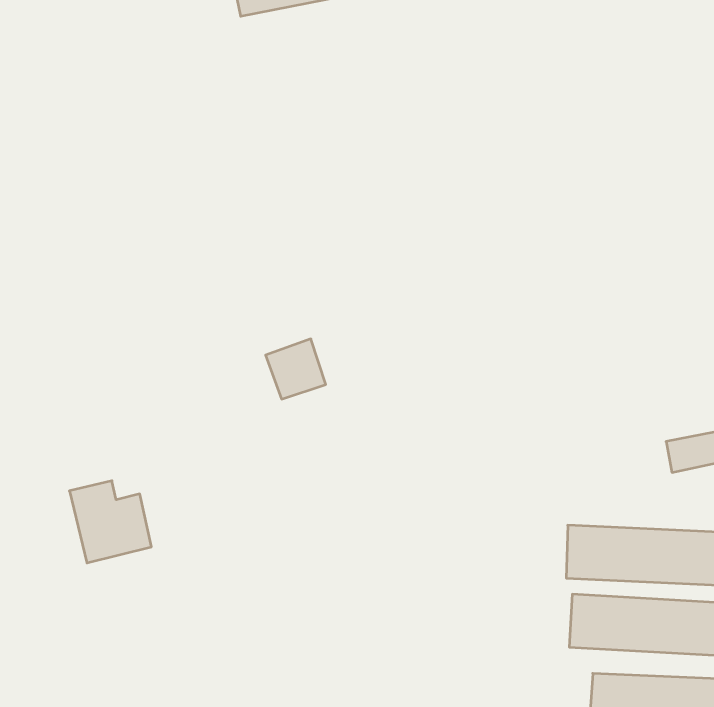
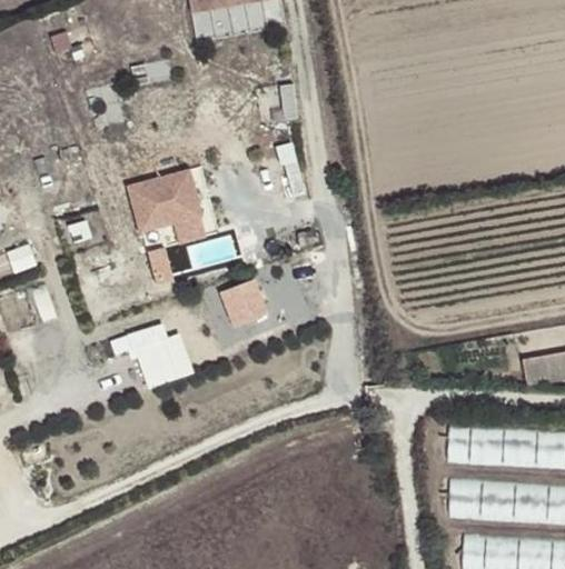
building: none -> [131,169,208,247]
building: [69,481,151,563] -> [133,323,196,386]

